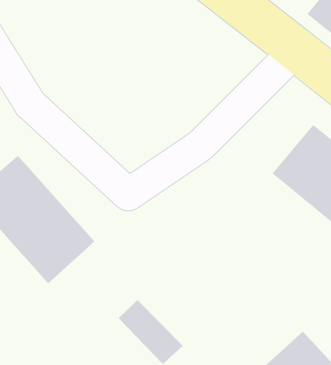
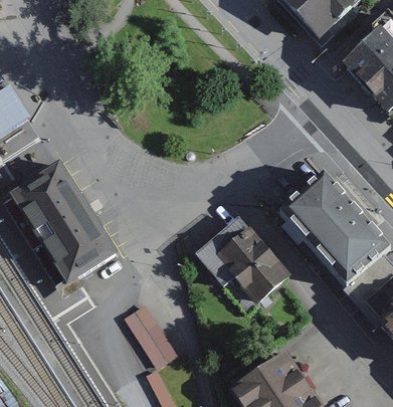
building: none -> [198,222,289,316]

